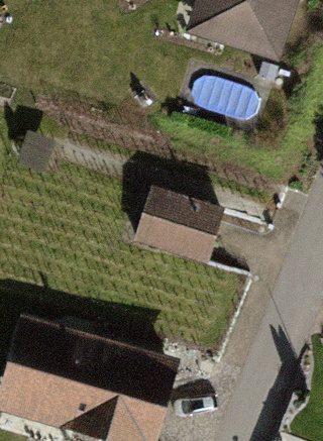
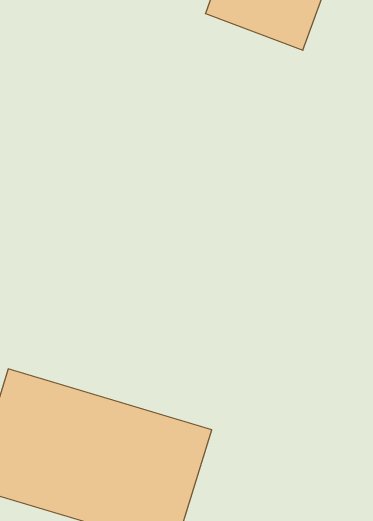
building: [138,187,235,268] -> none

